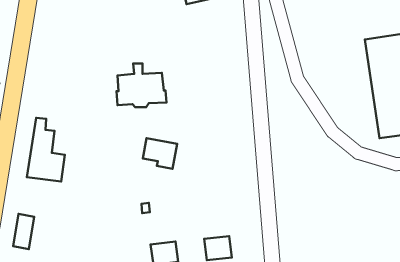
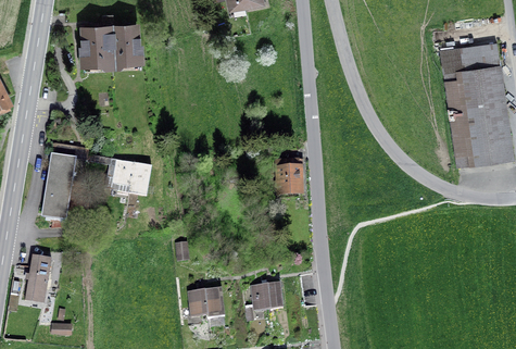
building: [117,64,167,107] -> [83,15,141,66]
building: none -> [276,161,304,192]
building: [143,138,177,169] -> [112,161,152,197]

